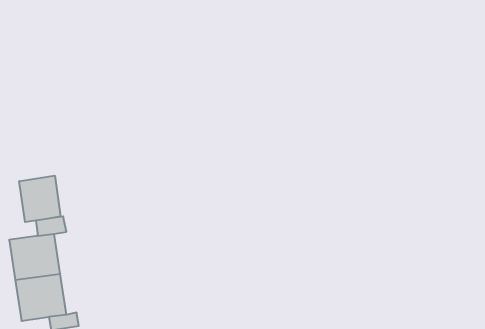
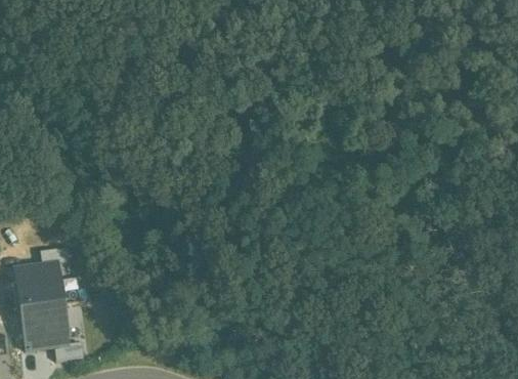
building: [19,176,61,222] -> none

